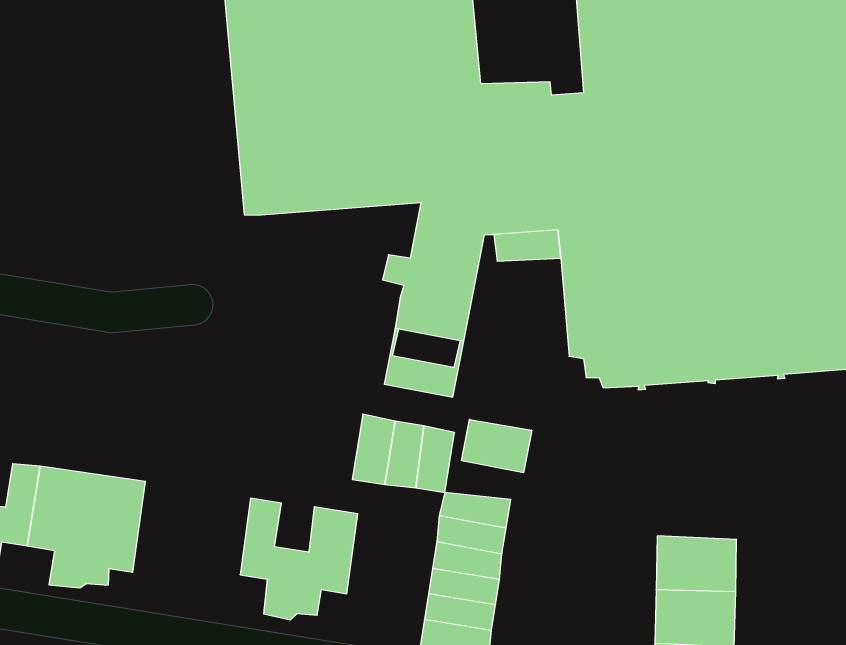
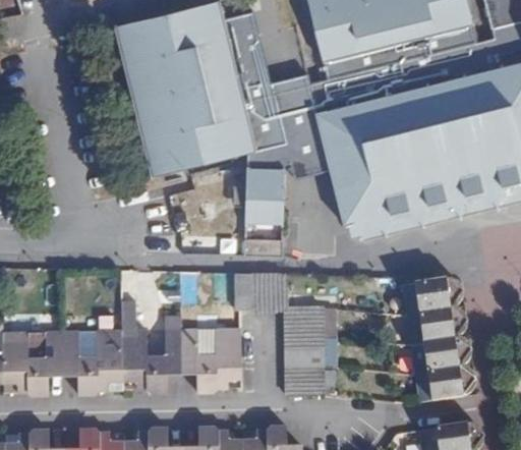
building: [462,419,532,473] -> none
building: none -> [122,313,182,392]
building: none -> [403,280,451,314]

